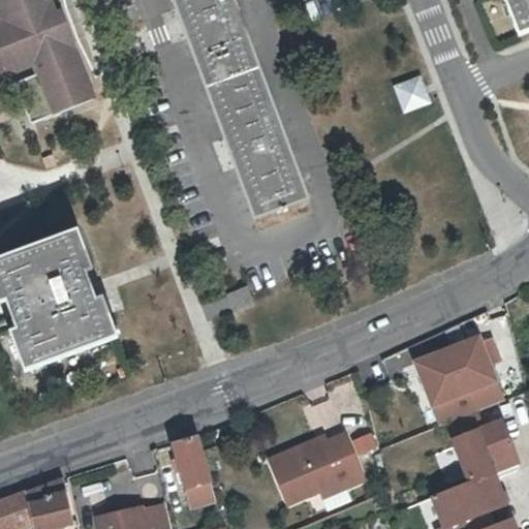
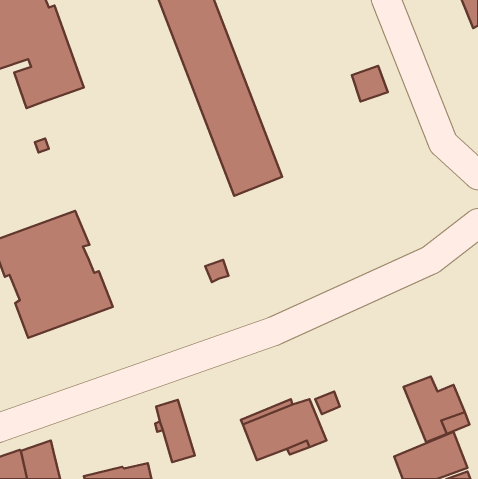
building: [411,334,504,424] -> none

